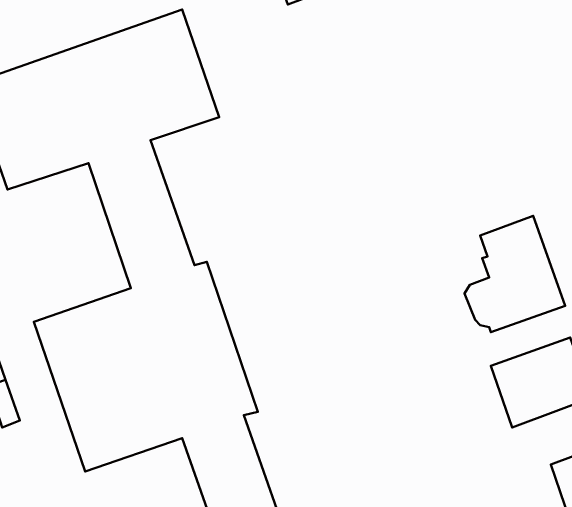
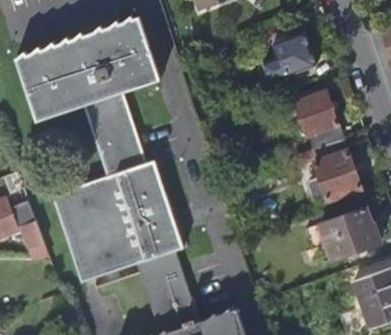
building: none -> [269,31,315,76]
building: none -> [280,86,341,148]

